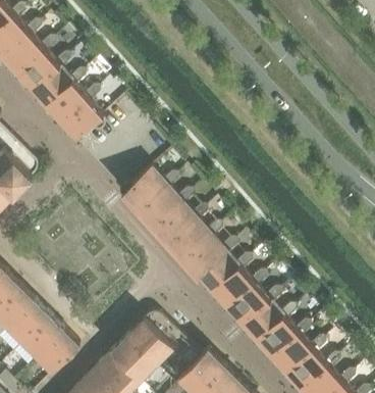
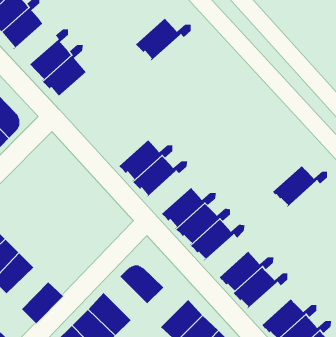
building: [28,54,73,107] -> none
building: [119,167,177,212] -> [135,18,192,62]
building: [164,217,221,261] -> none
building: [223,283,280,327] -> [272,165,328,208]
building: [20,316,63,359] -> none
building: [120,326,165,371] -> none
building: [268,332,325,376] -> none

